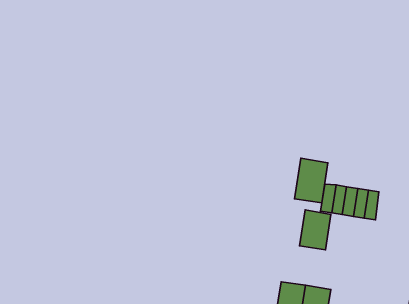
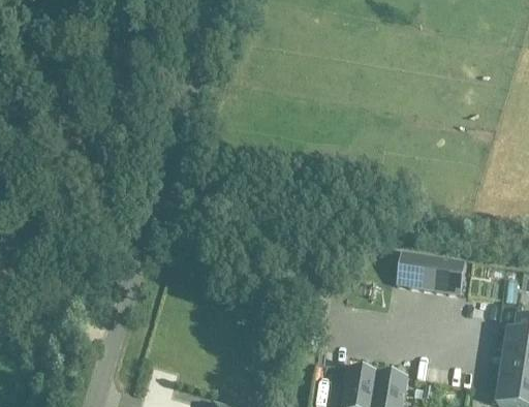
building: [295,158,328,203] -> none
building: [299,210,331,250] -> none

